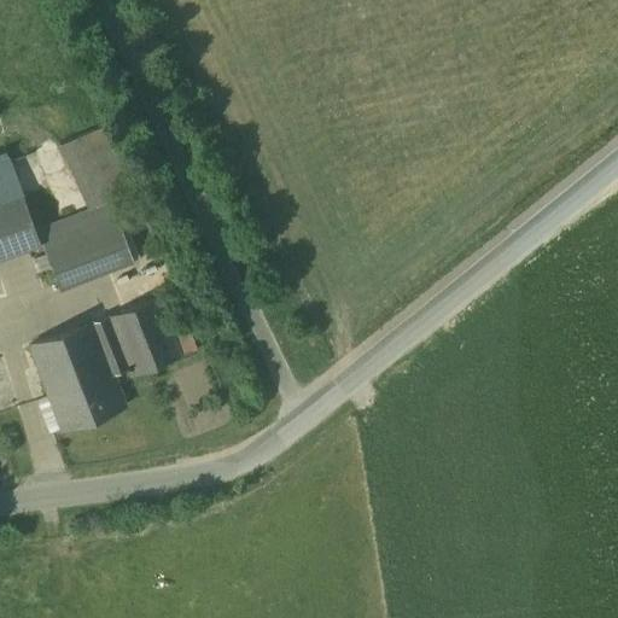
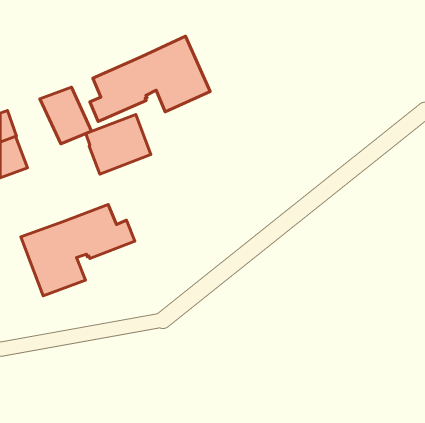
building: none -> [90,36,210,122]
building: [37,205,132,292] -> [86,114,151,174]

